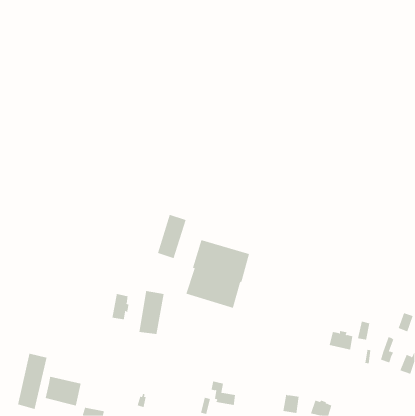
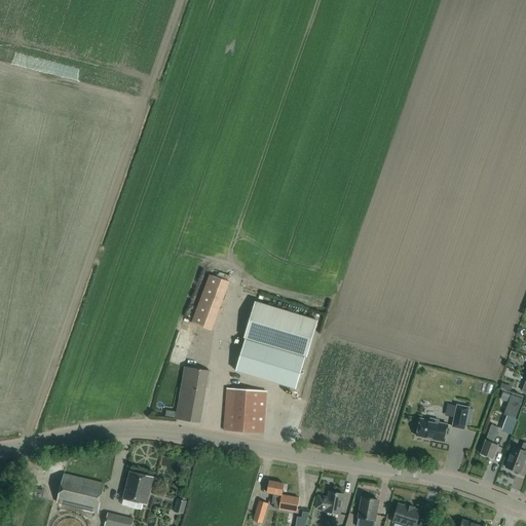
building: [112,293,129,320] -> none
building: none -> [222,389,265,434]
building: [17,353,47,410] -> none
building: none -> [123,472,151,504]
building: none -> [314,491,342,515]

